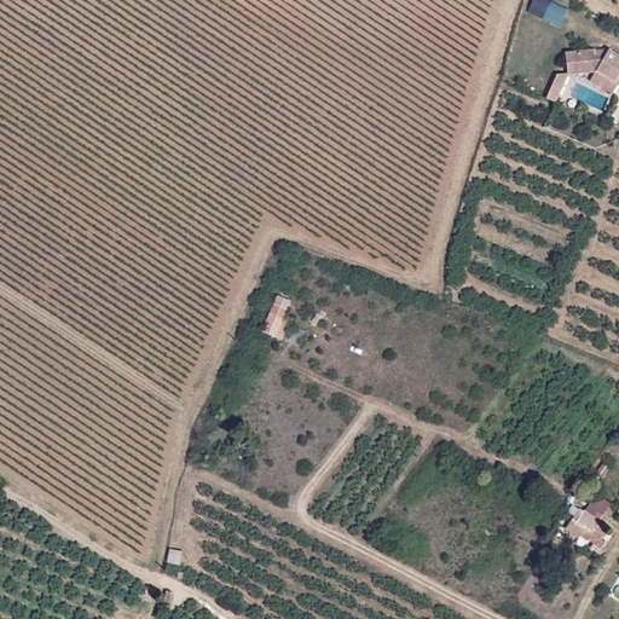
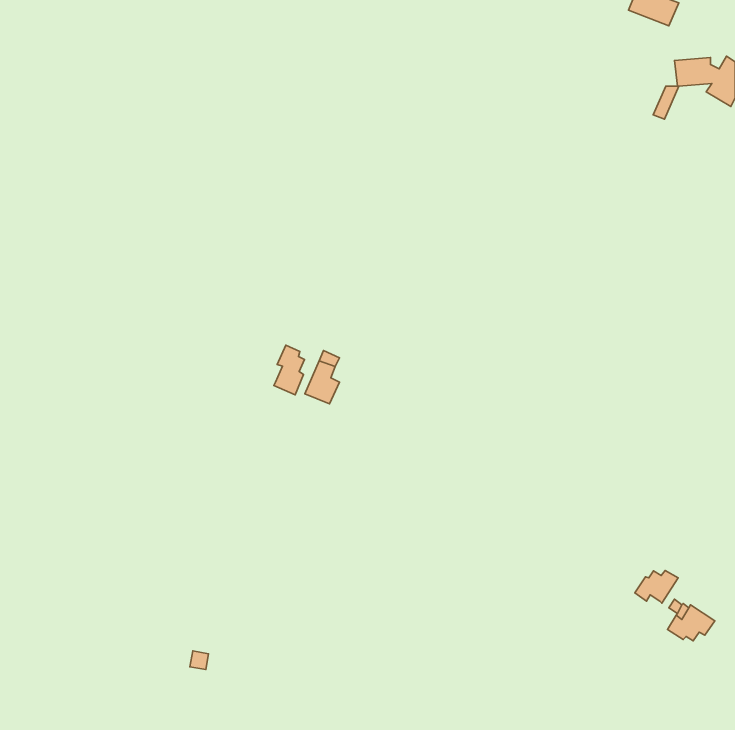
building: none -> [274,345,304,395]
building: none -> [635,570,678,603]

